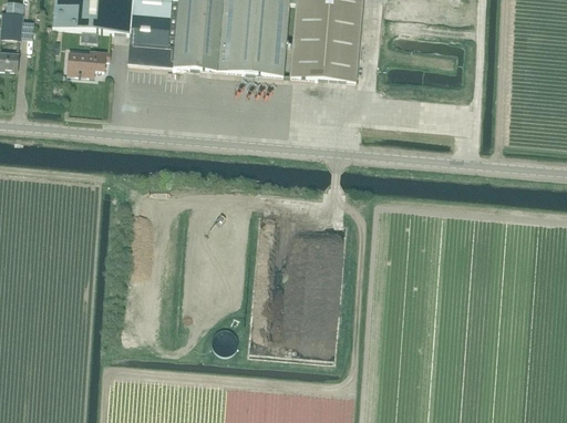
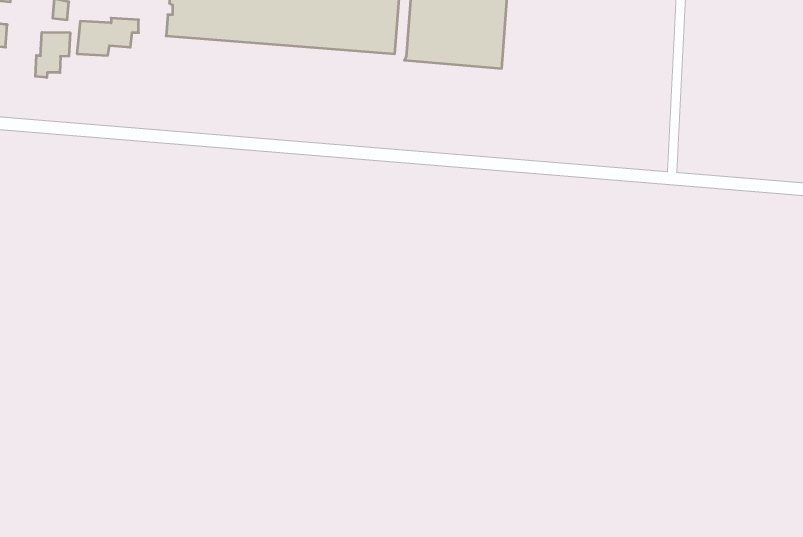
building: none -> [35,32,70,78]

